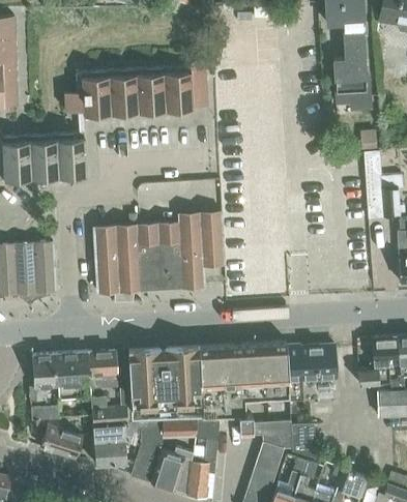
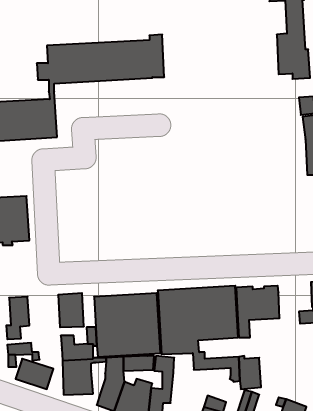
building: [93,210,226,302] -> none
building: [54,352,91,398] -> none
building: [256,442,285,472] -> none

